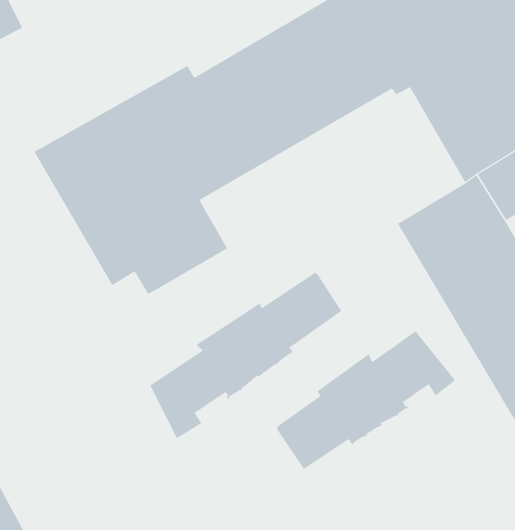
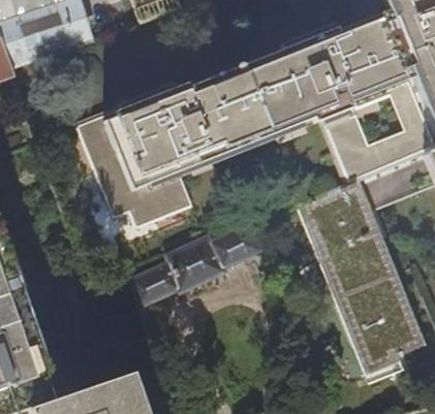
building: [277,331,456,470] -> none

